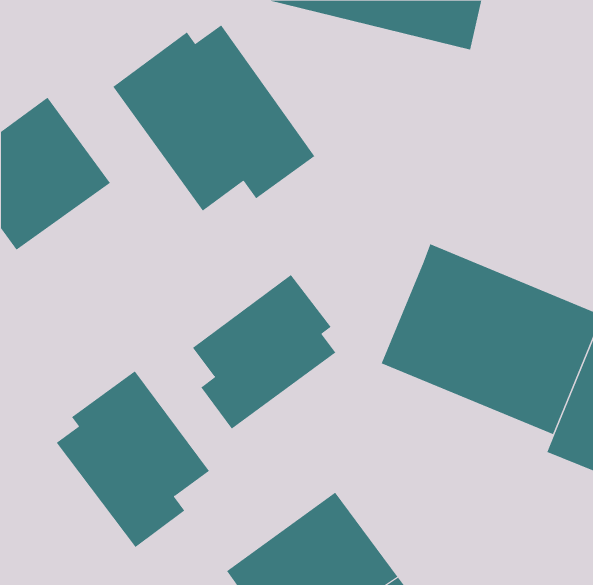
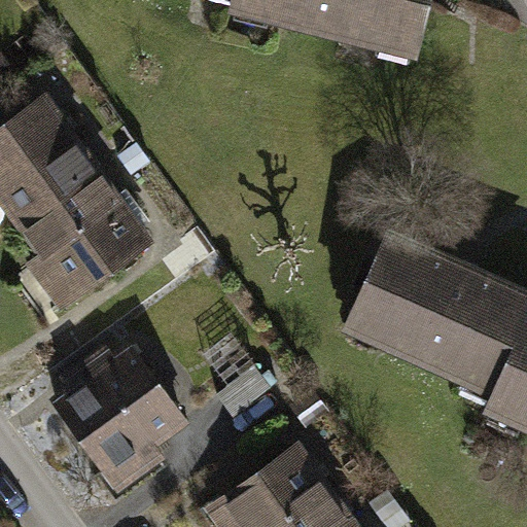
building: [113,24,315,211] -> none
building: none -> [16,171,153,314]
building: [192,274,336,429] -> none

